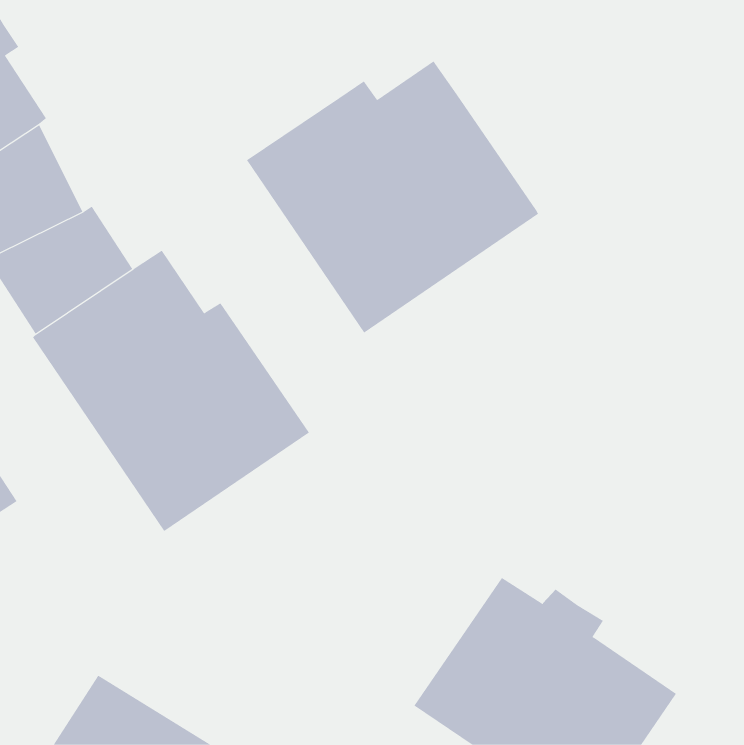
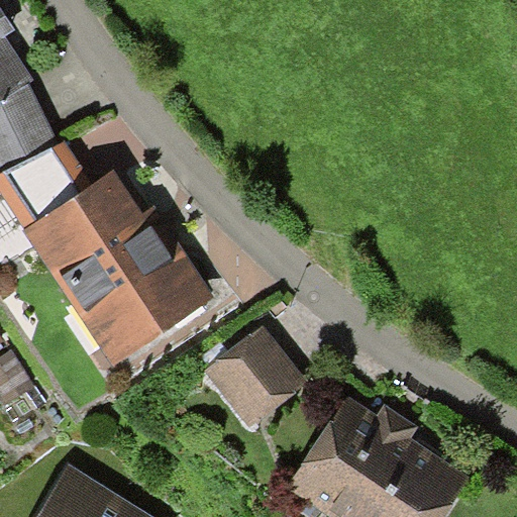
building: [246,60,539,334] -> none
building: none -> [204,328,307,429]

